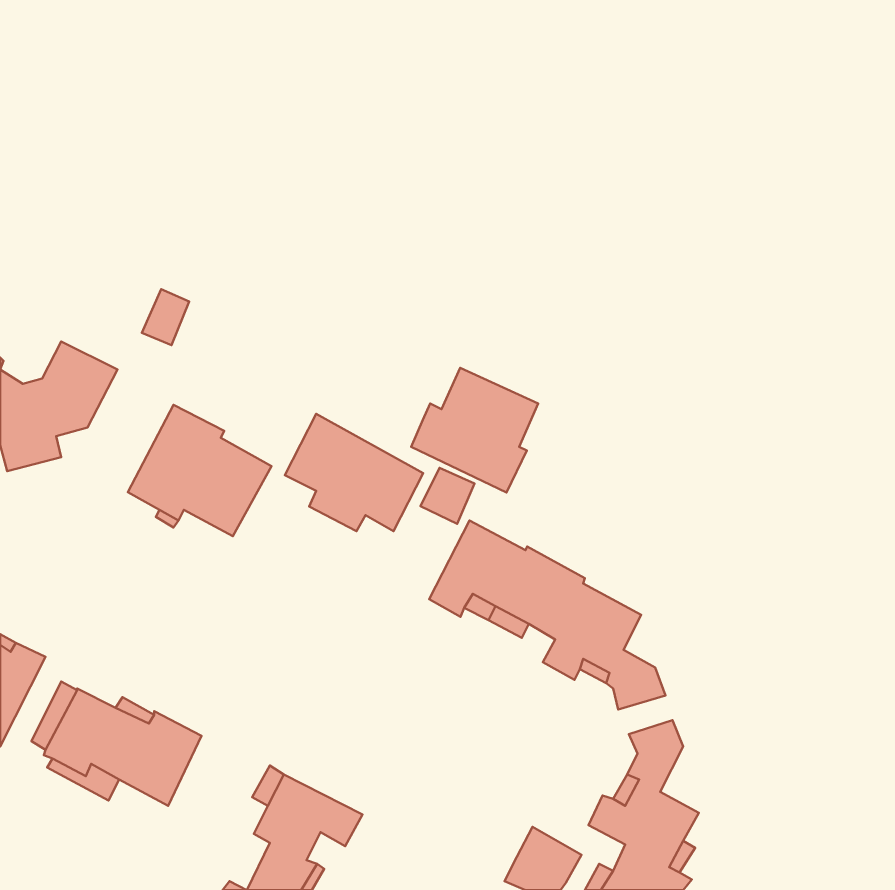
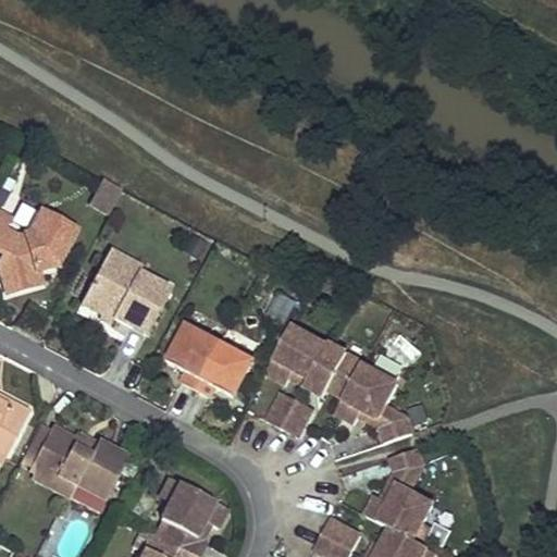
building: [411,368,538,492] -> none
building: [285,414,423,531] -> [166,324,252,397]
building: none -> [267,389,312,436]

